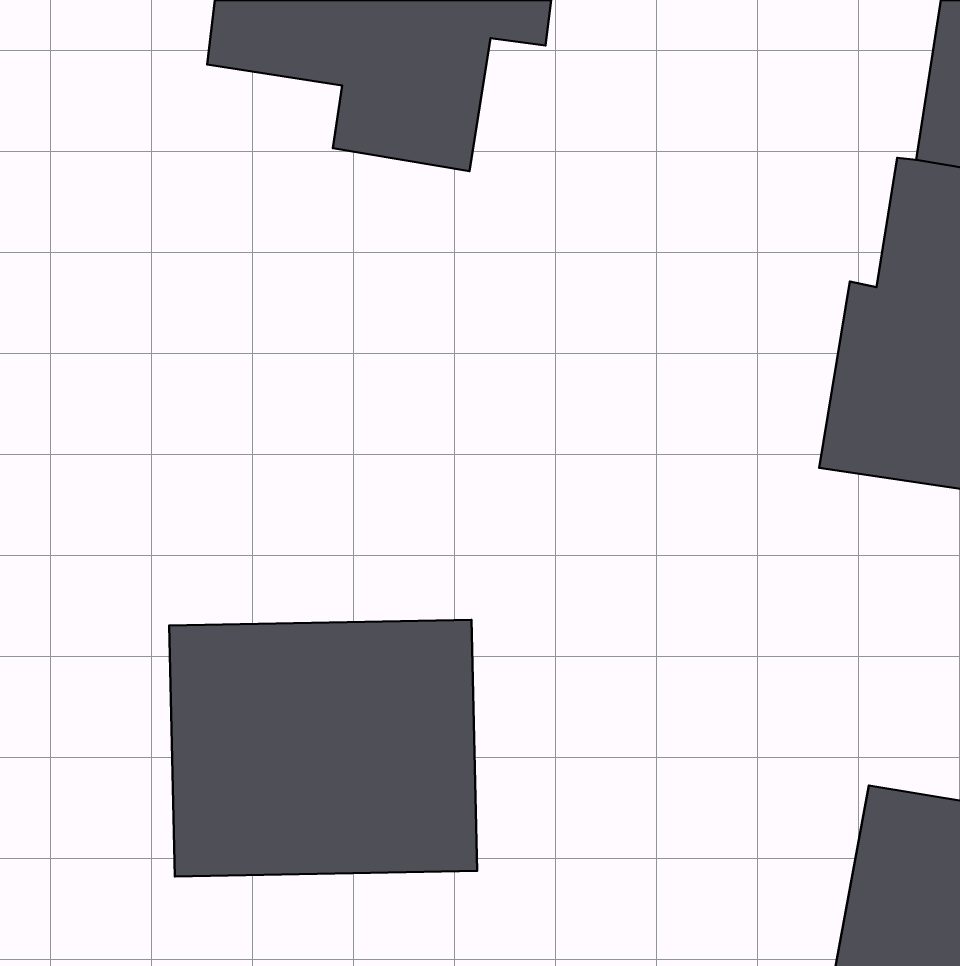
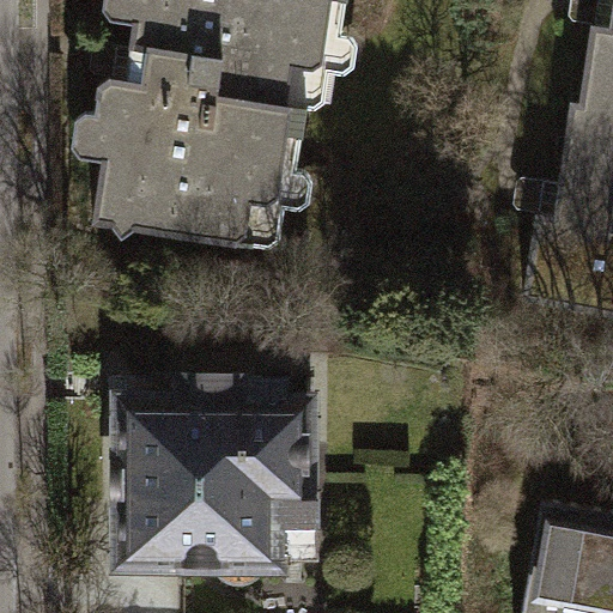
building: none -> [97,42,311,245]

